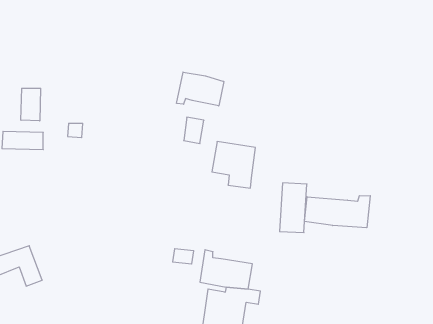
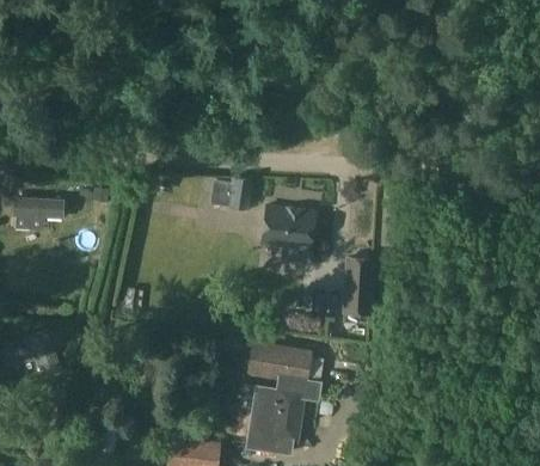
building: [177,72,224,106] -> none
building: [21,88,41,121] -> none
building: [305,196,370,228] -> none

